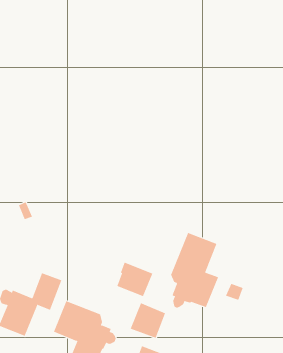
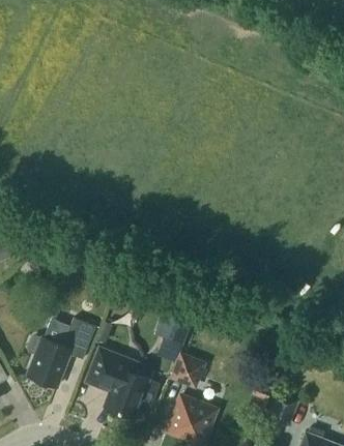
building: [170,232,219,309] -> none

